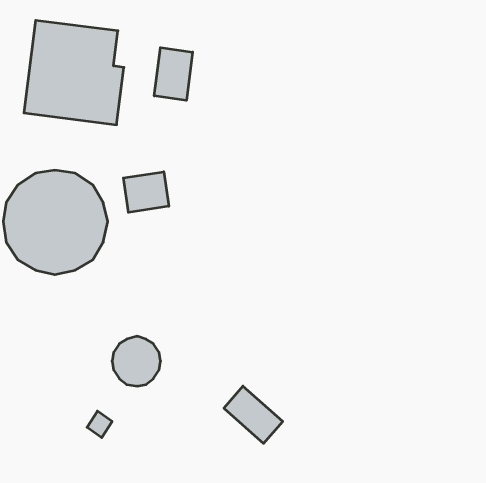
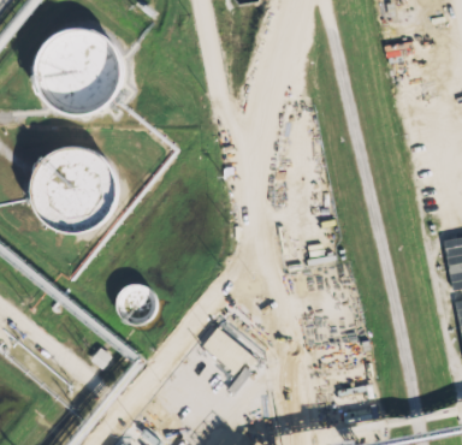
building: [154,48,193,100] -> none
building: [123,172,169,212] -> none

